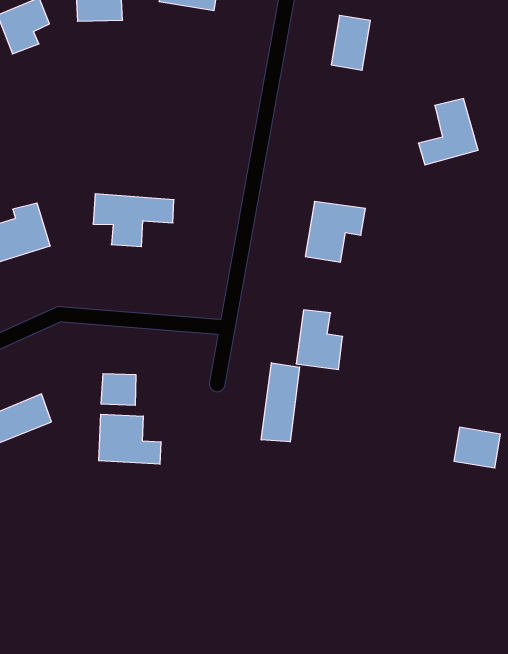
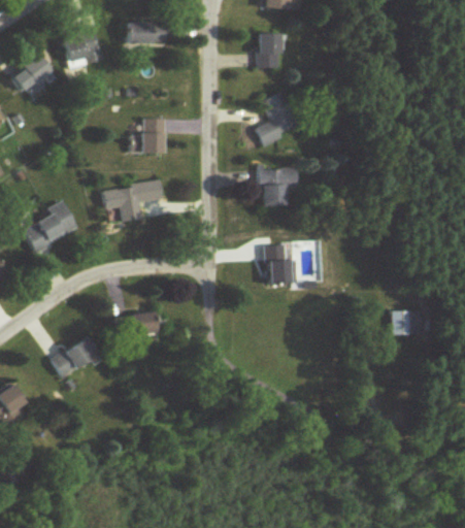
building: [418,99,478,165] -> [254,92,297,143]
building: none -> [142,118,165,152]
building: [261,363,300,442] -> none
building: [99,414,161,464] -> none

